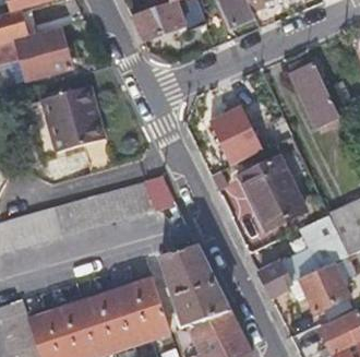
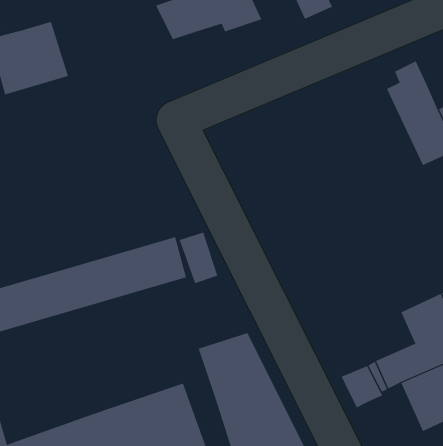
building: [43,87,104,150] -> none
building: [211,102,271,167] -> none
building: [240,158,301,229] -> none

